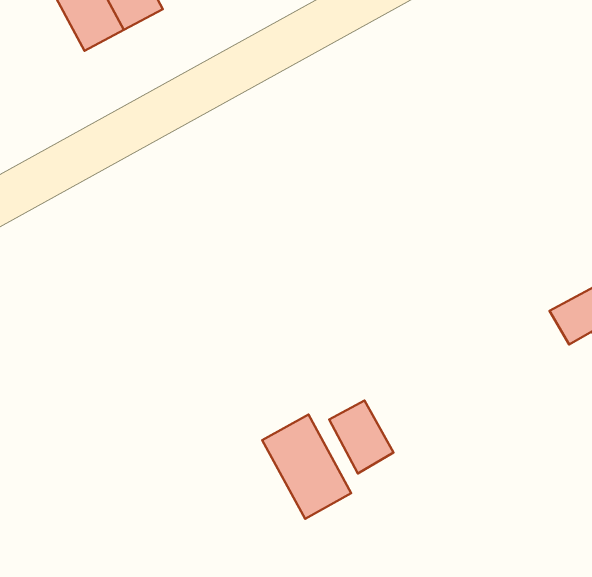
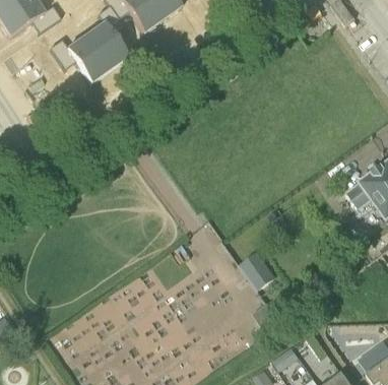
building: [262,415,351,519] -> none

